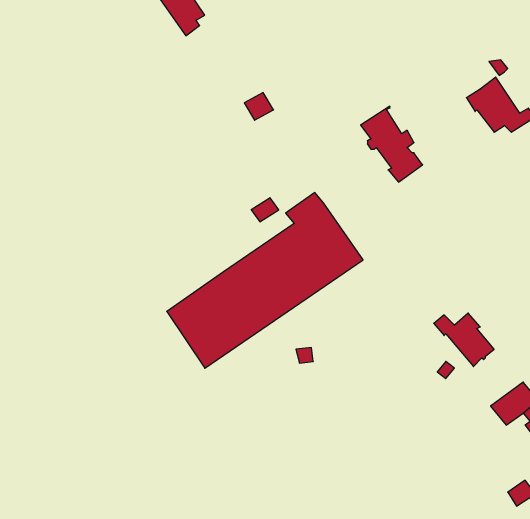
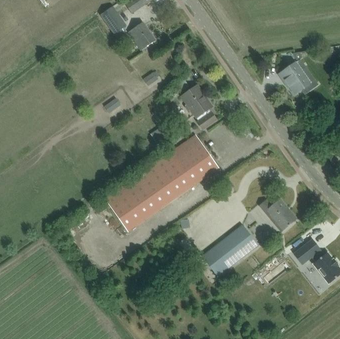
building: none -> [129,22,155,50]
building: [361,106,423,182] -> [181,85,217,129]
building: none -> [203,225,258,276]

